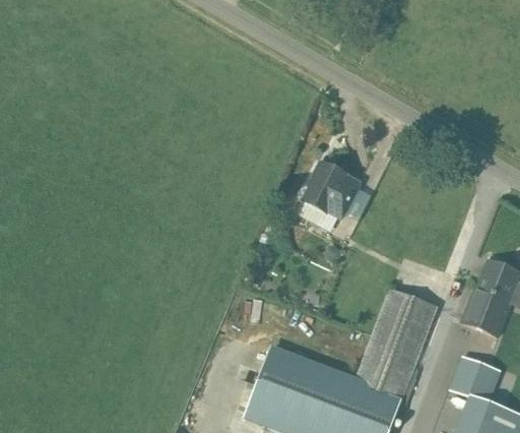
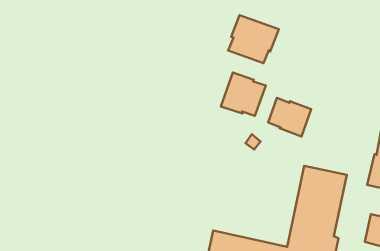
building: none -> [228,15,279,63]
building: none -> [268,98,311,137]

